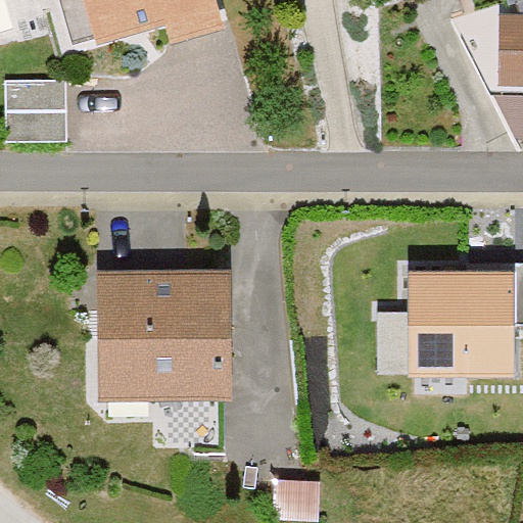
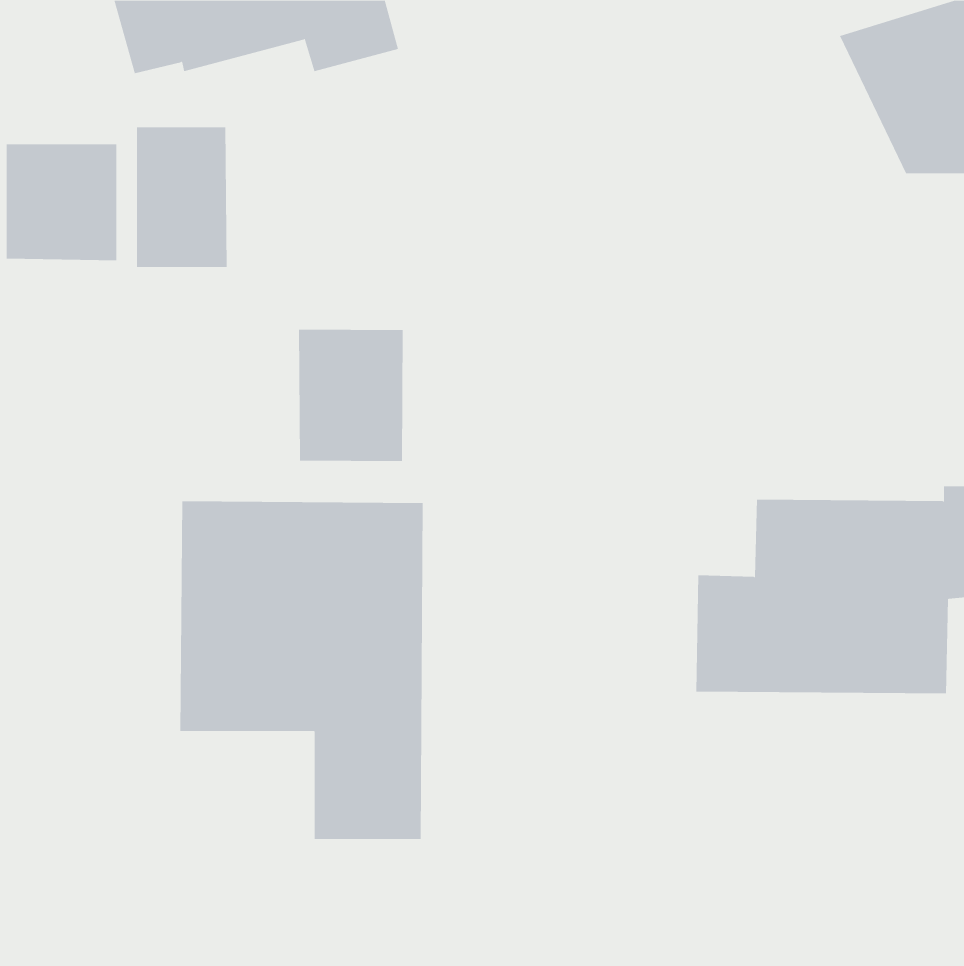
building: none -> [136,127,227,268]
building: none -> [299,329,403,462]

